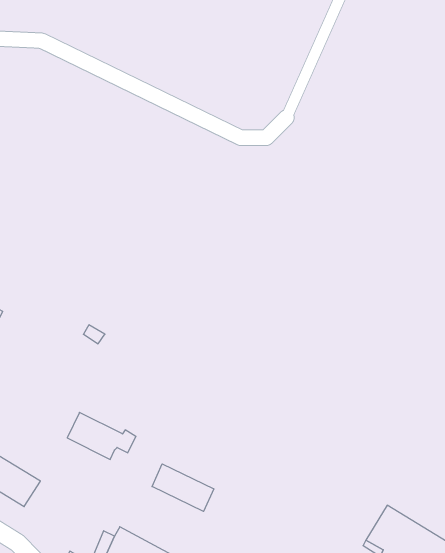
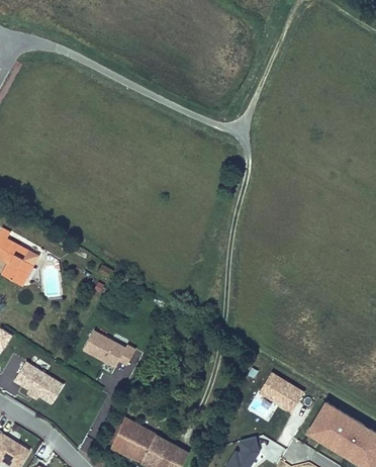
building: none -> [259,370,305,411]
building: [152,464,214,511] -> none

